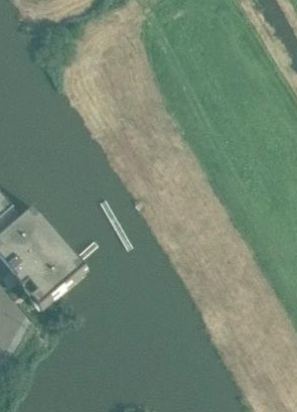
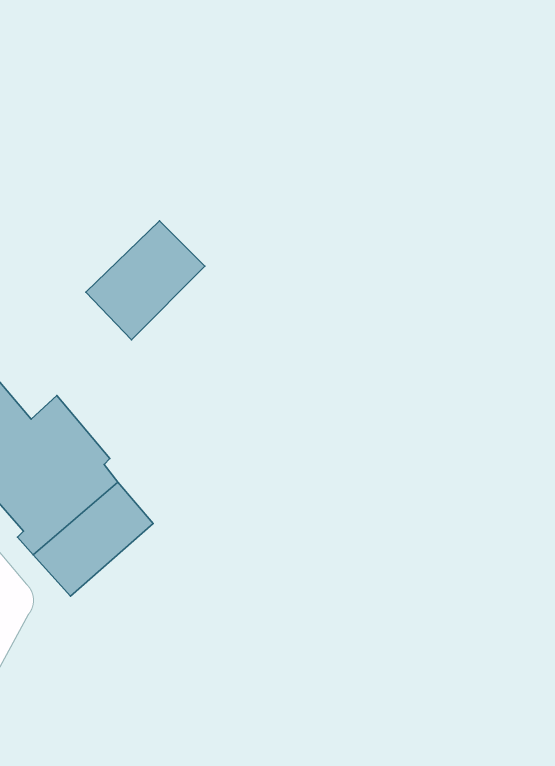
building: none -> [86,221,205,340]

